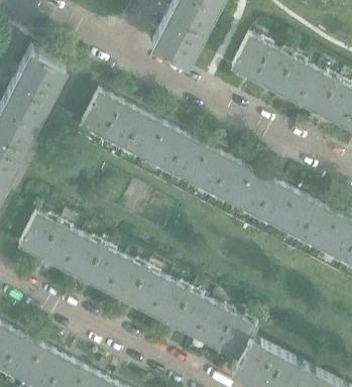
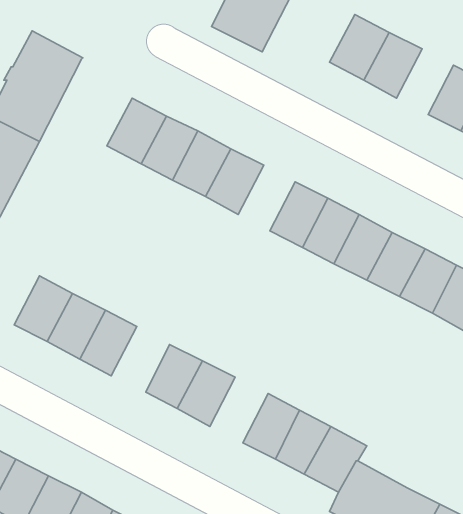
building: [277,59,316,104] -> none
building: [170,138,209,182] -> none
building: [85,247,124,291] -> none
building: [151,281,191,326] -> none

